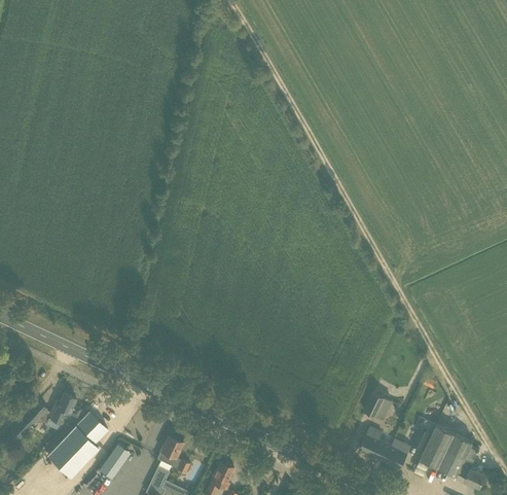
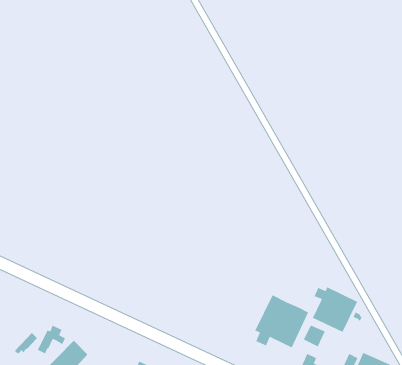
building: none -> [312,286,358,333]
building: none -> [254,294,309,349]

